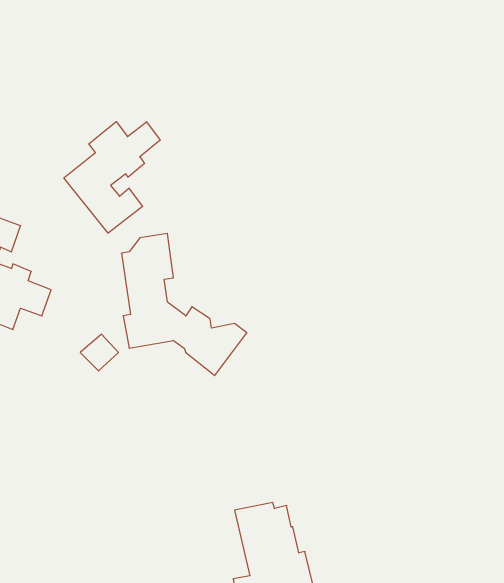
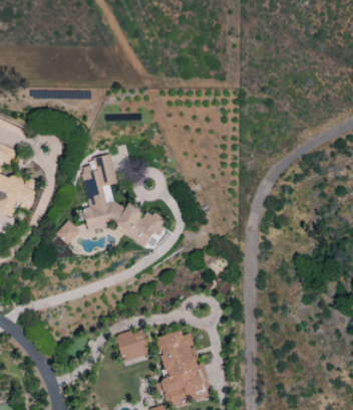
building: [64,122,160,233] -> none
building: none -> [116,328,149,361]

